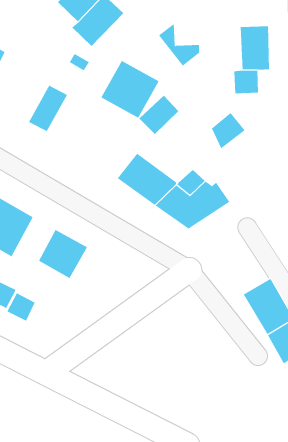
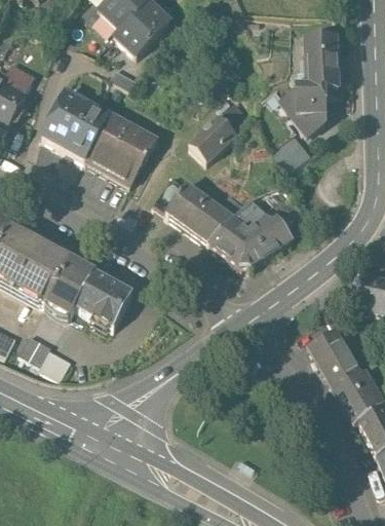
building: [158,23,200,66] -> [278,89,325,139]
building: [101,60,159,118] -> [85,116,152,182]
building: none -> [42,92,87,147]
building: none -> [45,255,94,313]

